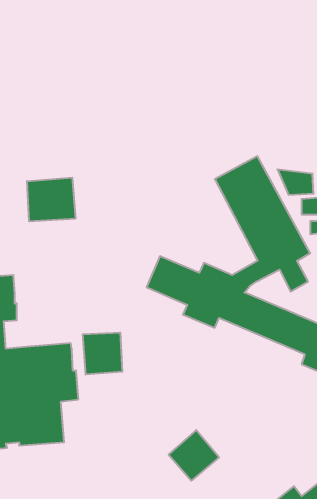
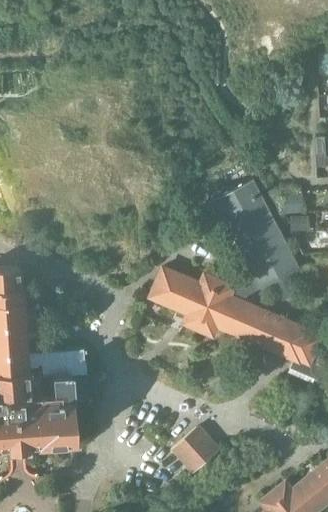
building: [27,178,75,221] -> none
building: [83,332,122,375] -> none

